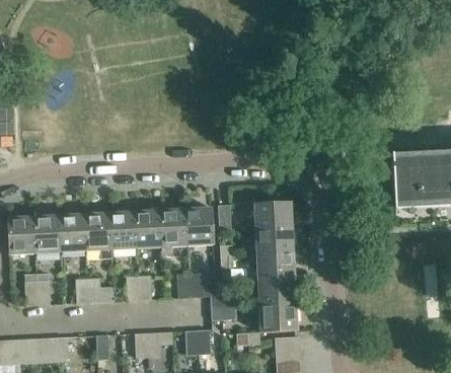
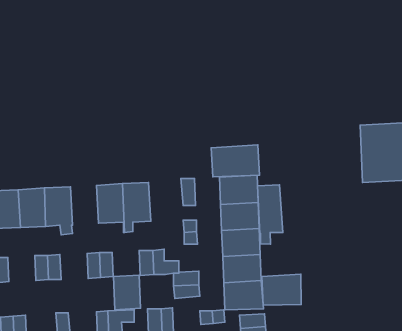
building: none -> [211,145,260,177]
building: [185,207,214,245] -> none
building: none -> [257,185,283,244]
building: [109,211,137,249] -> none
building: none -> [262,274,301,305]
building: none -> [114,275,140,310]

